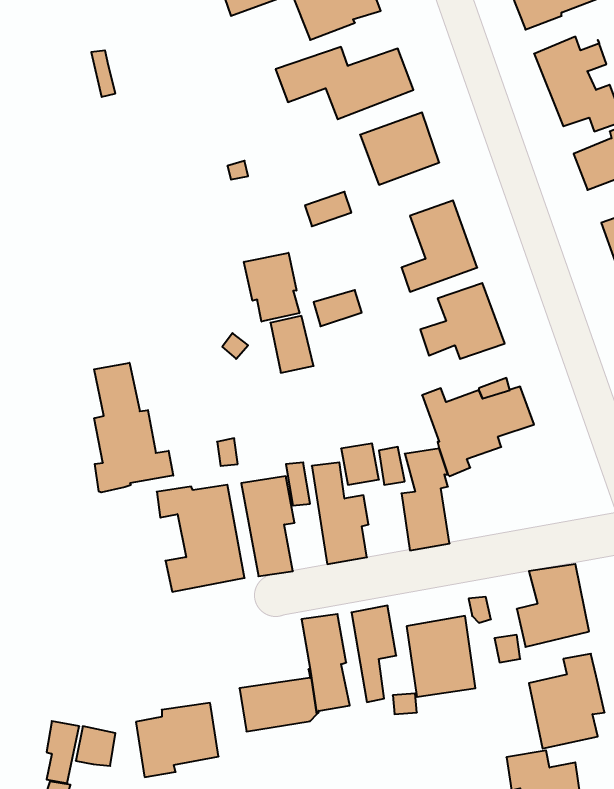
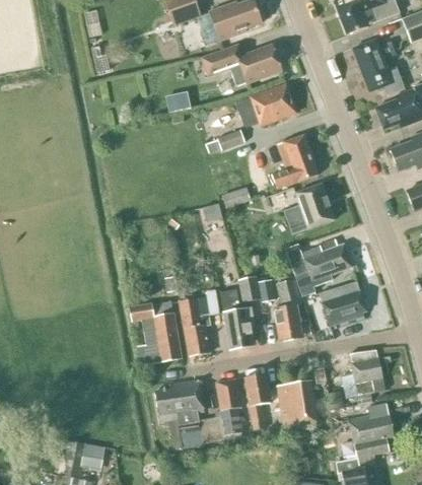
building: [244,253,299,322] -> none
building: [94,363,173,492] -> none
building: none -> [320,280,367,325]
building: [136,703,219,777] -> [155,378,204,422]

